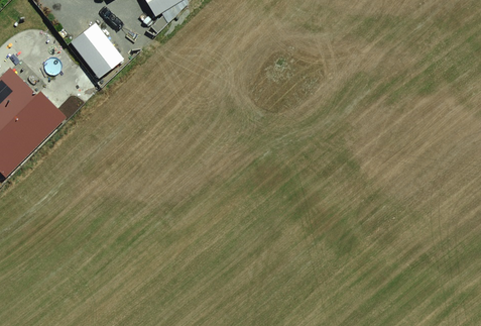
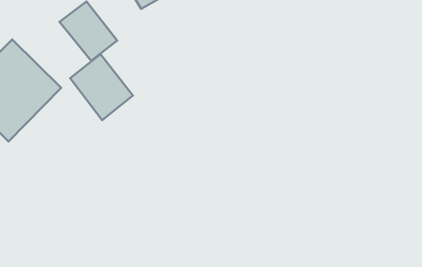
building: none -> [70,54,133,120]

